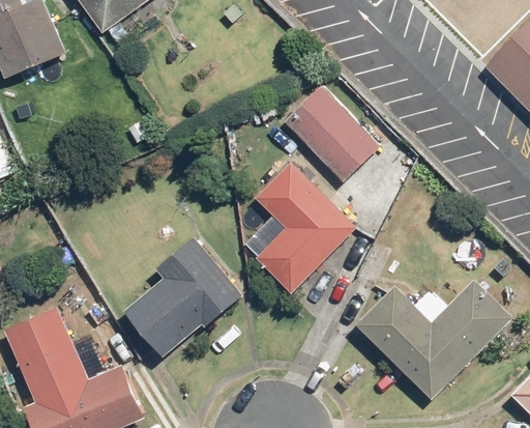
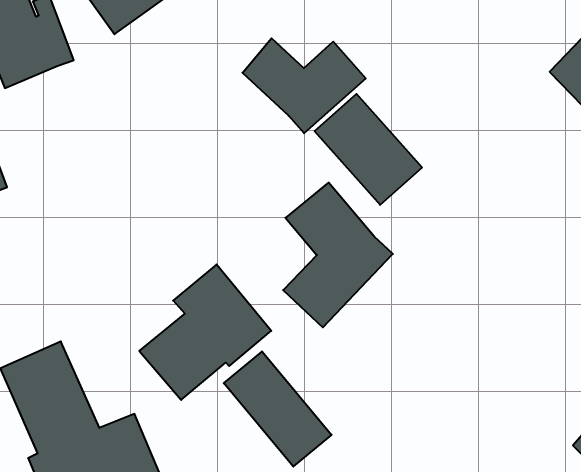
building: none -> [242,38,366,133]
building: [353,280,510,399] -> none
building: none -> [224,351,332,467]

